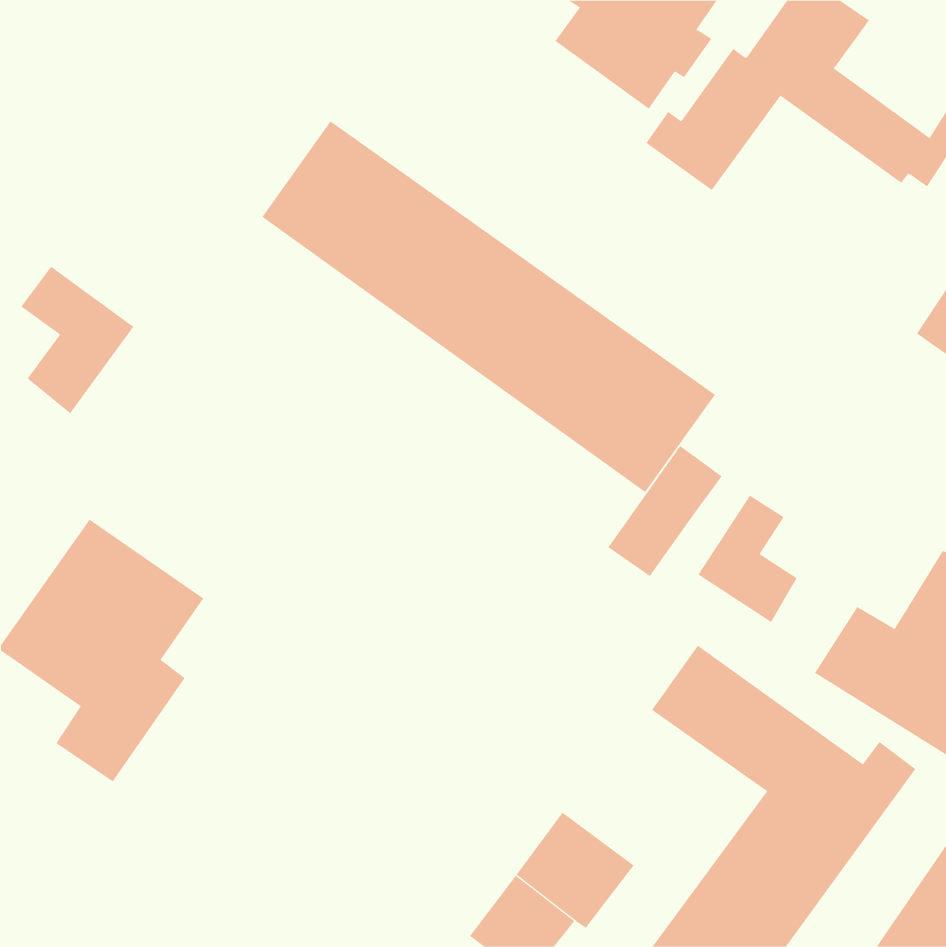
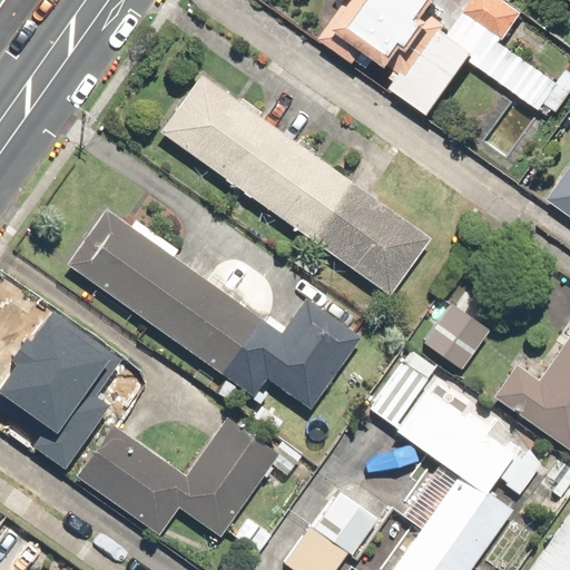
building: [20,266,134,414] -> none
building: none -> [67,208,362,412]
building: [607,445,722,577] -> [366,347,435,426]
building: none -> [77,415,302,538]

